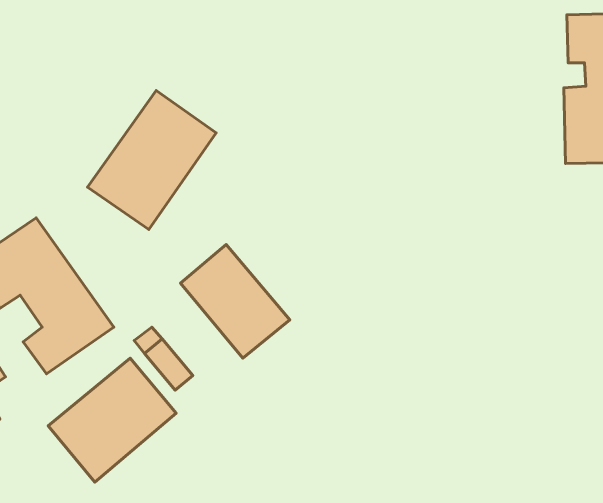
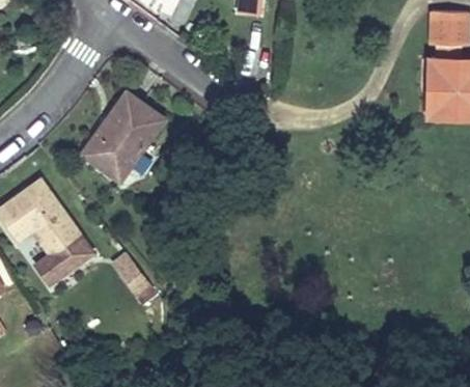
building: [180,245,290,358] -> none
building: [48,358,176,482] -> none

